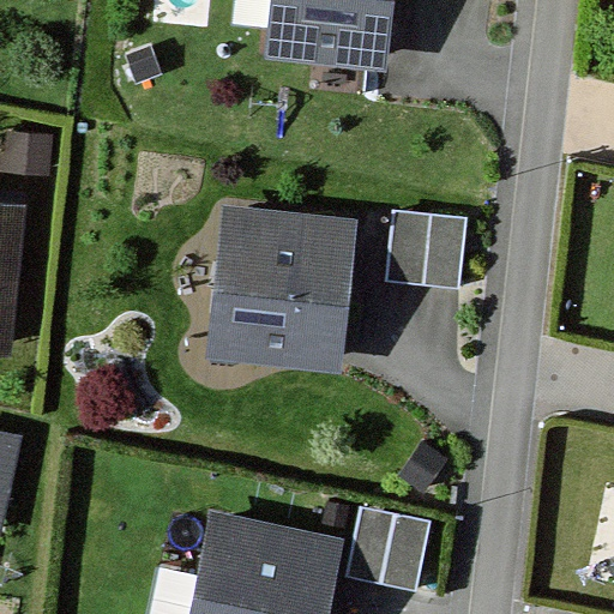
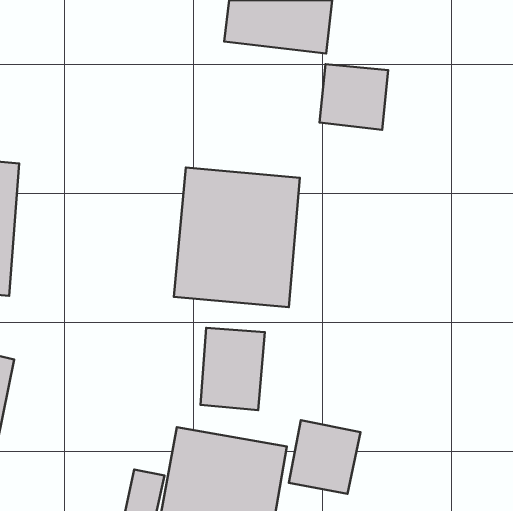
building: [387,200,469,278] -> [319,64,388,130]
building: none -> [200,328,265,410]

